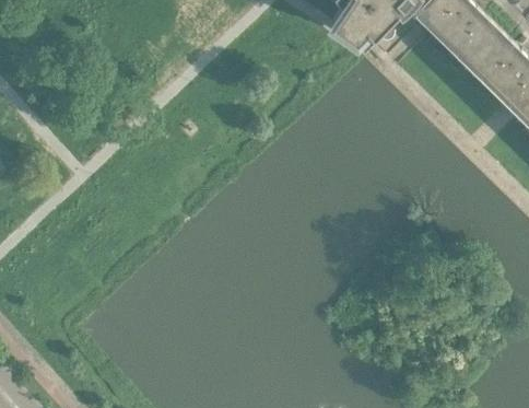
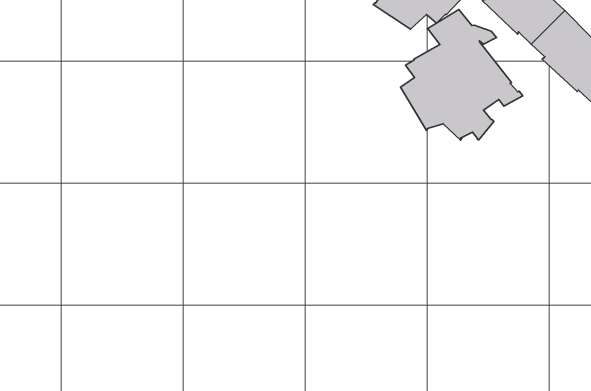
building: none -> [400,10,523,140]

